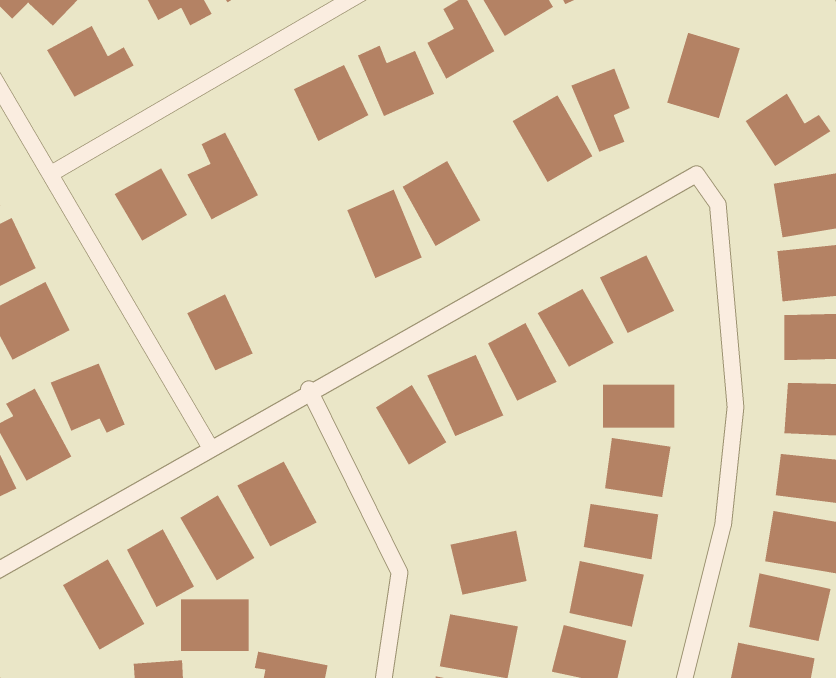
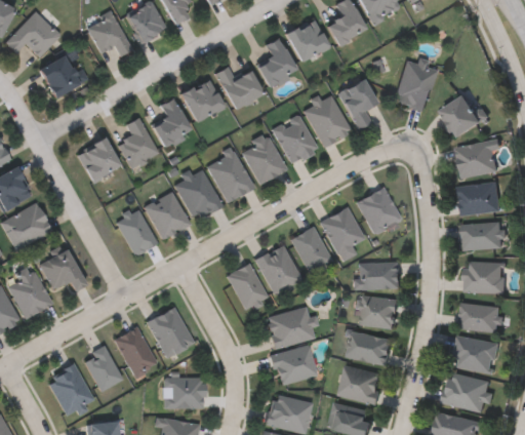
building: none -> [152,97,191,145]
building: none -> [275,115,319,163]
building: none -> [176,168,224,221]
building: none -> [146,192,191,239]
building: none -> [265,307,315,350]
building: [180,598,249,652] -> [164,378,204,408]

